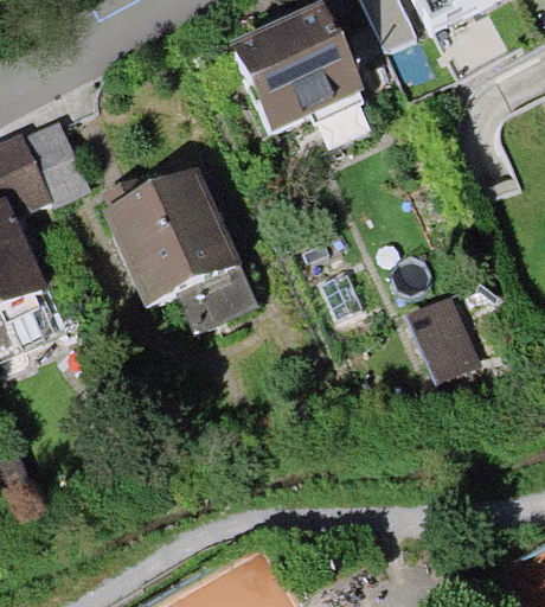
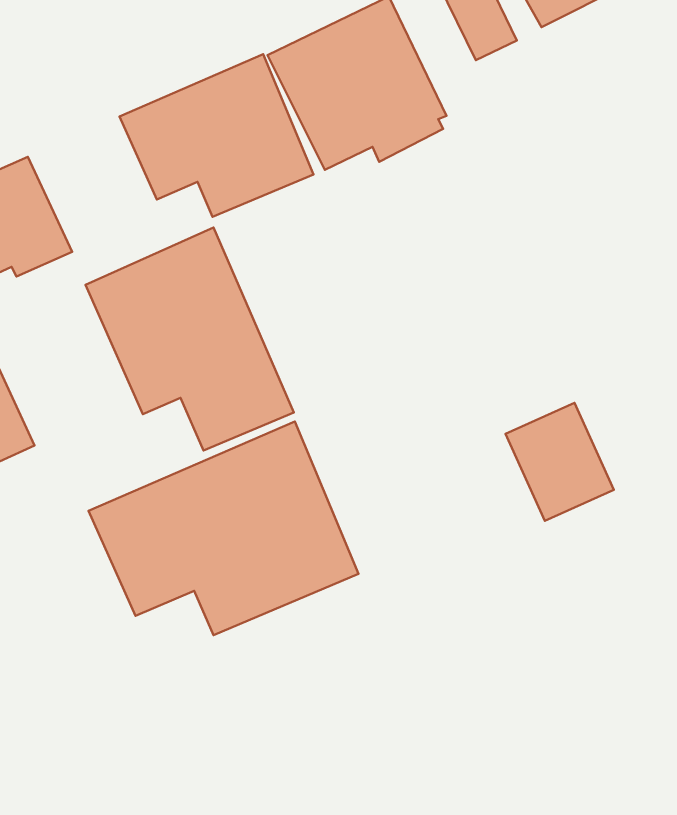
building: none -> [120,54,314,217]
building: none -> [88,422,359,635]

